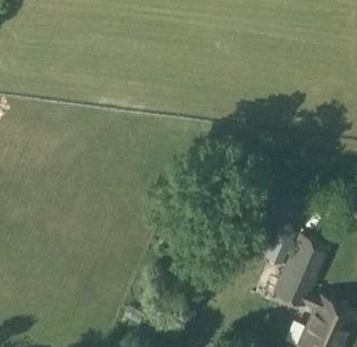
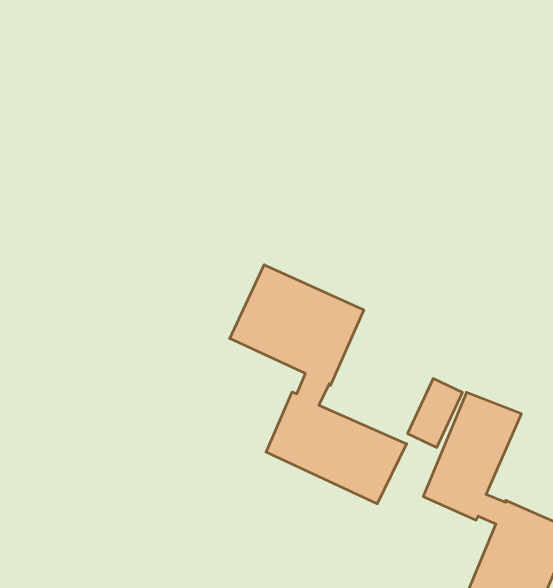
building: none -> [230,265,407,504]

